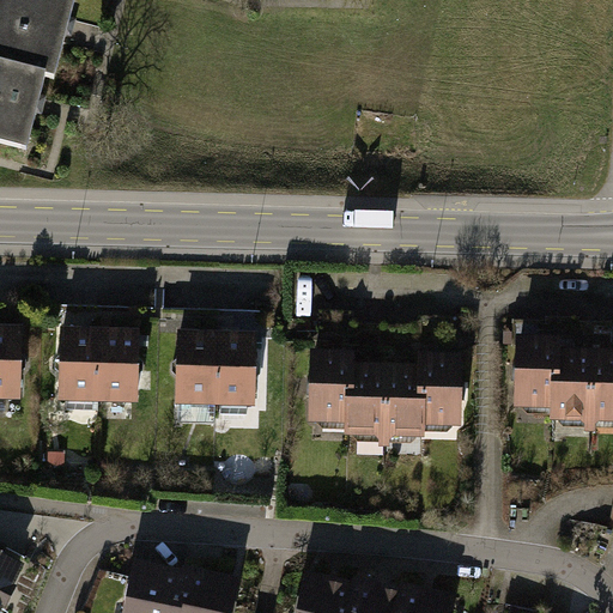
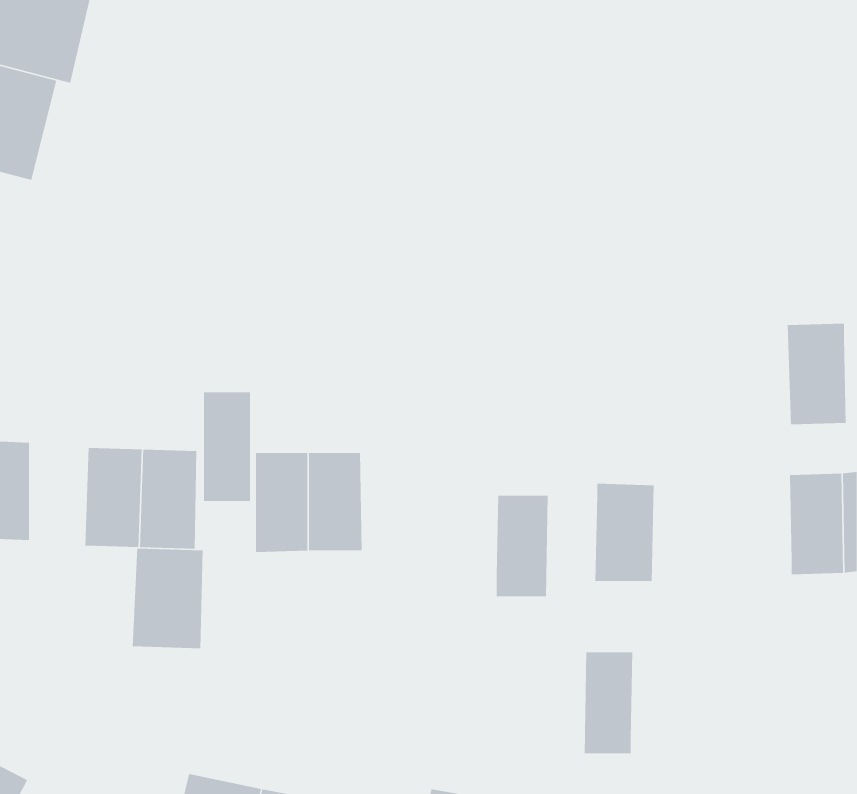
building: none -> [203,392,251,502]
building: [514,341,556,413] -> [787,323,846,425]
building: [309,353,350,423] -> none
building: [384,366,419,438] -> [584,652,633,754]
building: none -> [132,548,204,649]

